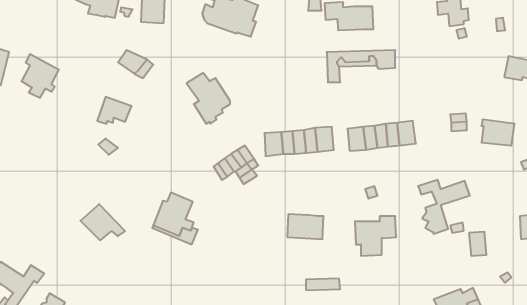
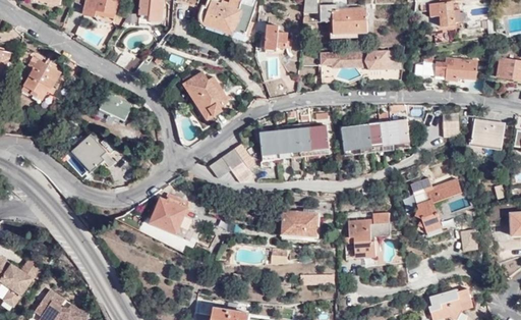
building: none -> [265,24,290,50]
building: none -> [433,59,476,81]
building: [80,204,125,240] -> [68,137,112,172]

